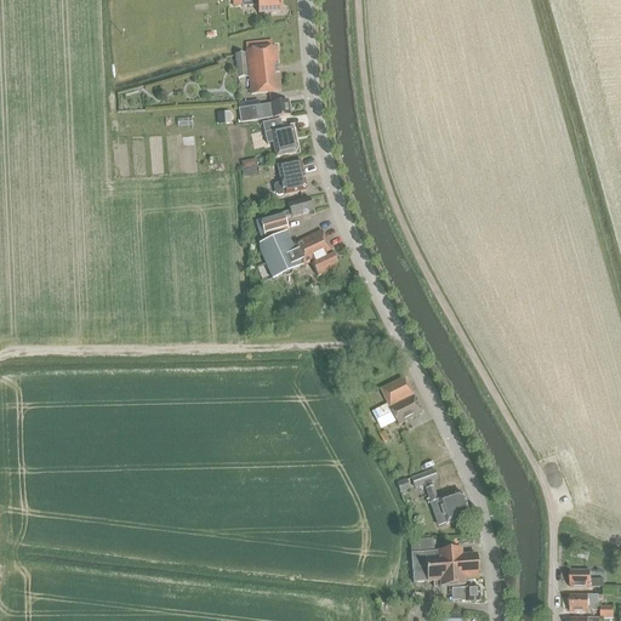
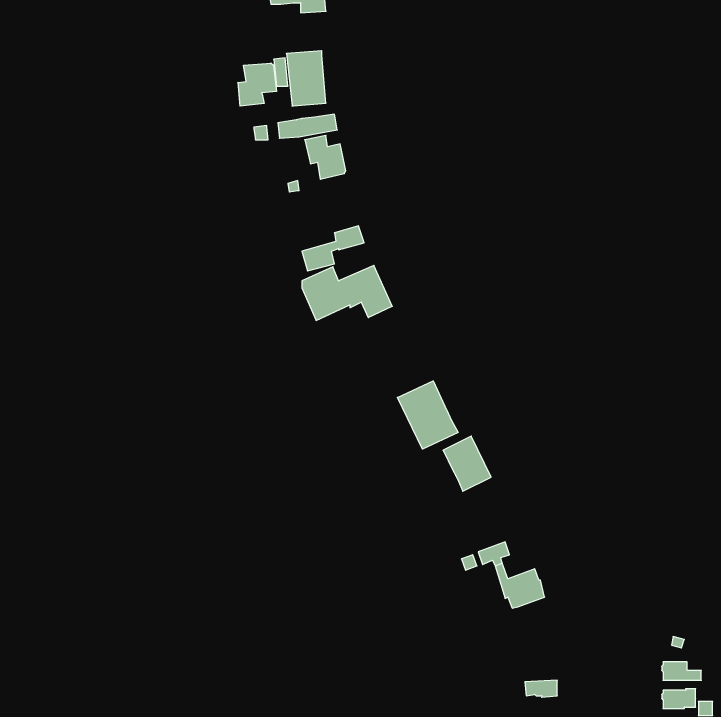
building: none -> [238,63,276,106]
building: [273,158,307,193] -> none
building: none -> [397,381,458,449]
building: [410,536,478,583] -> none

